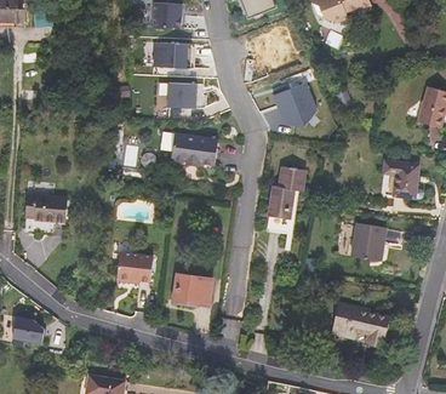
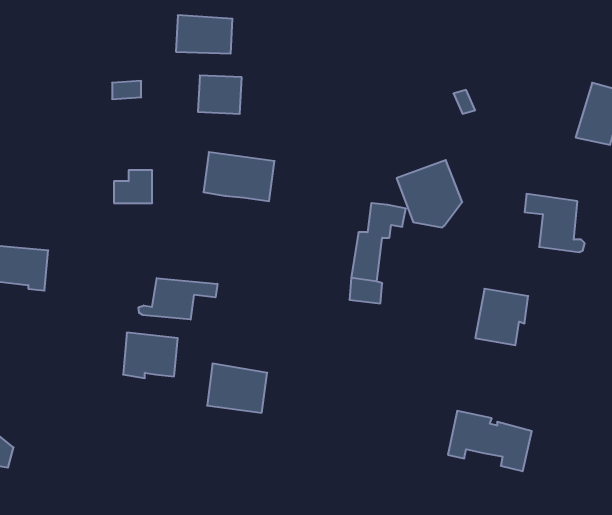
building: [271,82,315,127] -> [397,160,462,227]
building: none -> [139,278,217,320]

